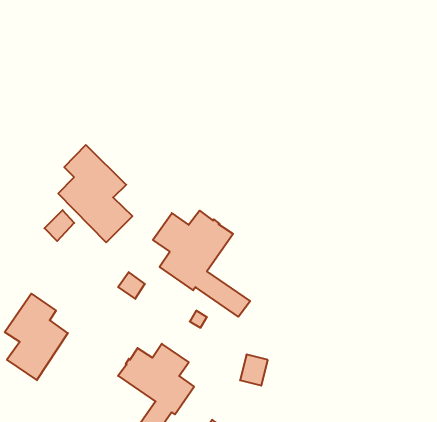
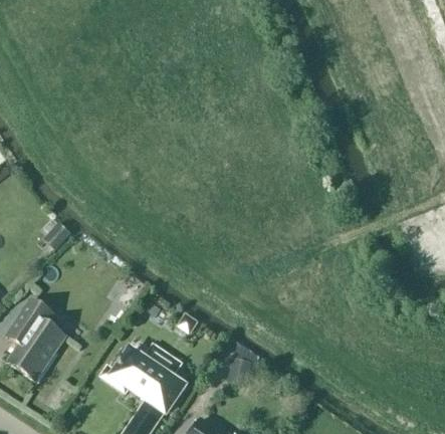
building: [58,145,132,242] -> none
building: [153,211,250,317] -> none

